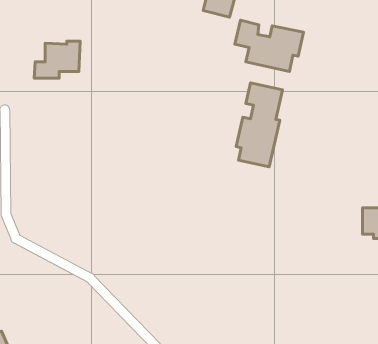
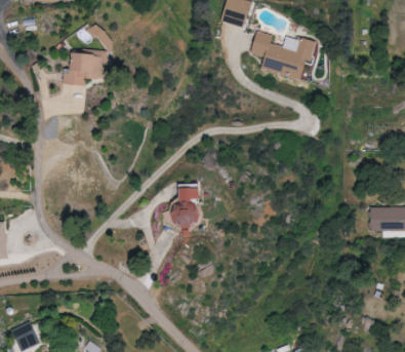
building: [236,83,283,167] -> none
building: none -> [176,187,202,224]

